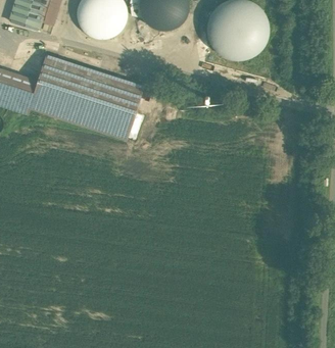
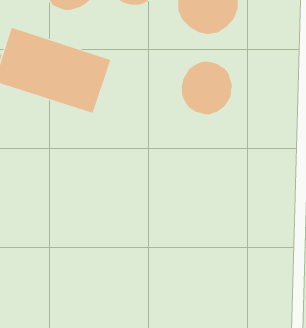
building: none -> [181,61,232,115]

